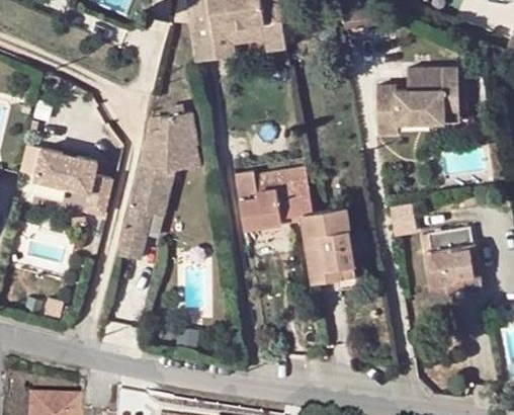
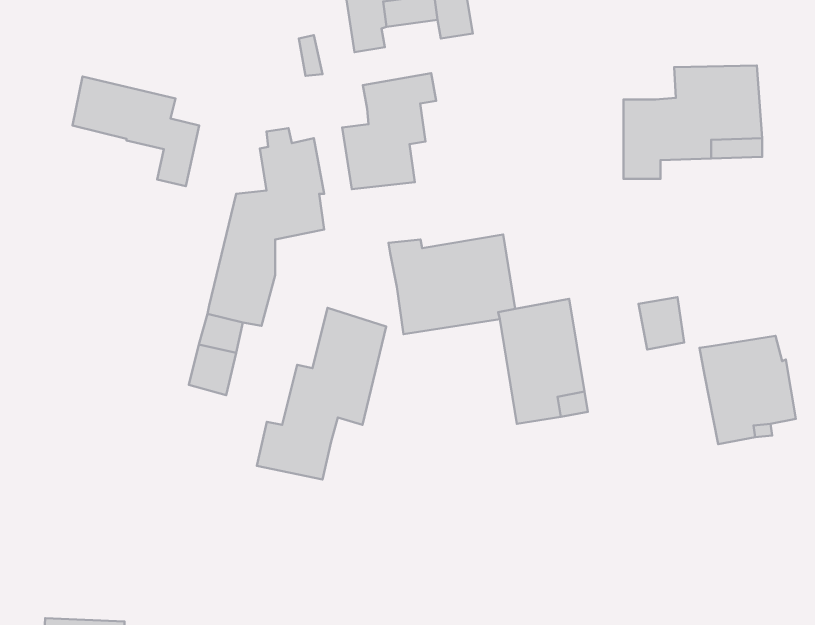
building: none -> [342,73,436,189]
building: [36,147,112,213] -> [73,76,199,186]
building: none -> [257,308,386,480]

